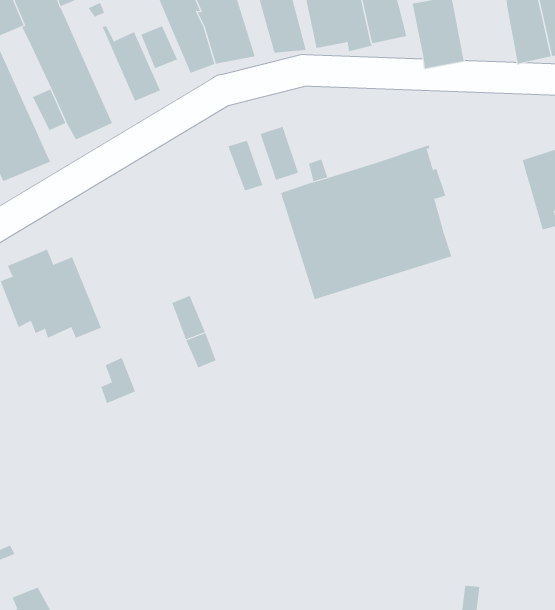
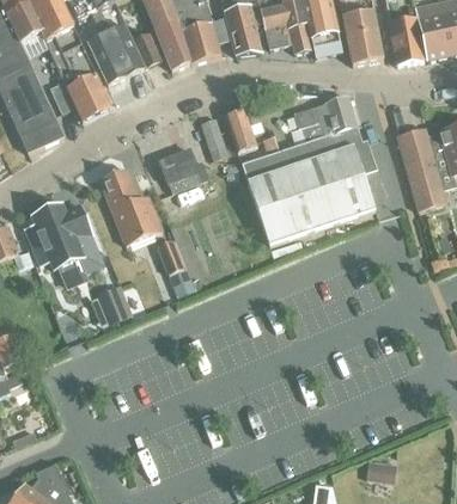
building: none -> [388,17,424,64]
building: none -> [90,32,128,98]
building: none -> [294,96,355,139]
building: none -> [396,128,446,210]
building: none -> [158,147,207,191]
building: none -> [98,167,160,245]

